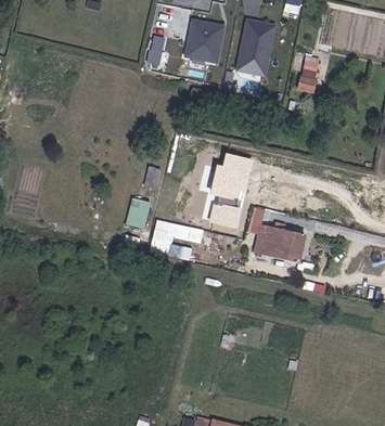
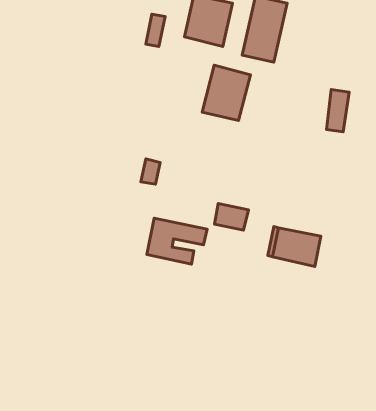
building: [298,54,319,92] -> [326,90,349,132]
building: [209,151,253,201] -> [202,65,250,121]
building: [126,197,150,227] -> none

